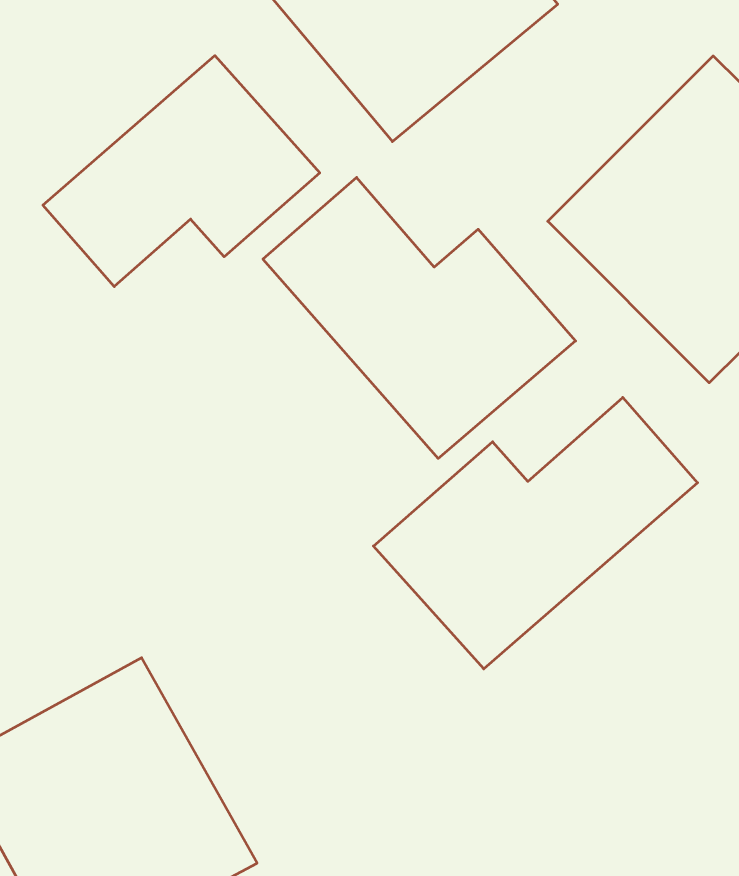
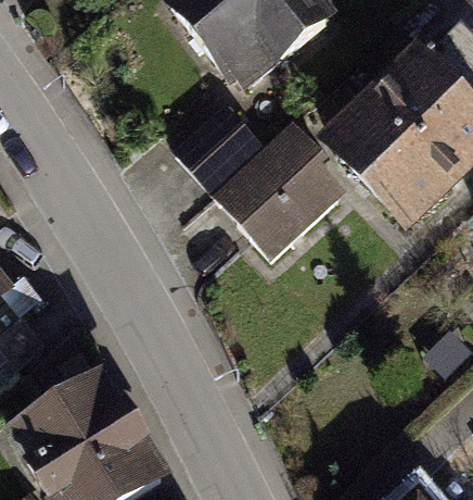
building: [43,56,320,287] -> none
building: [373,397,698,669] -> none

